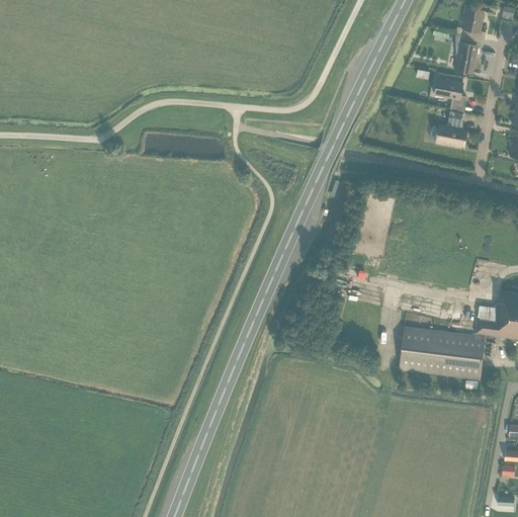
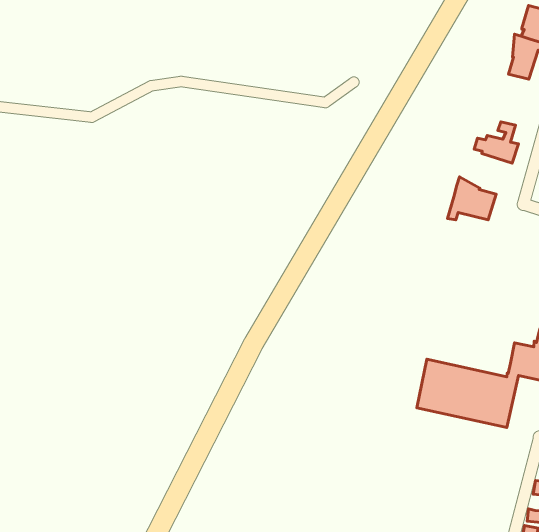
building: [435,77,467,109] -> none
building: none -> [448,177,496,220]

